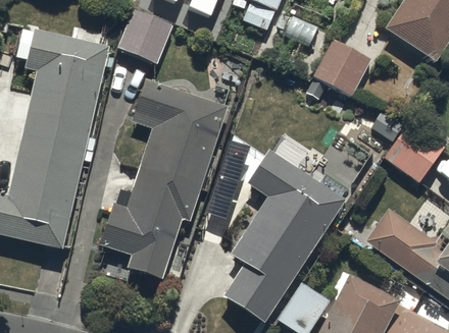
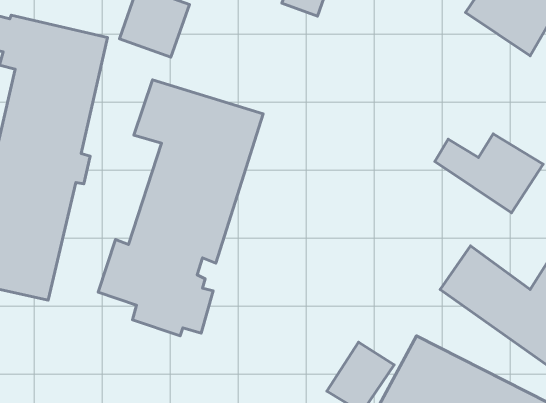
building: [312,38,370,94] -> none
building: [220,149,346,323] -> none

